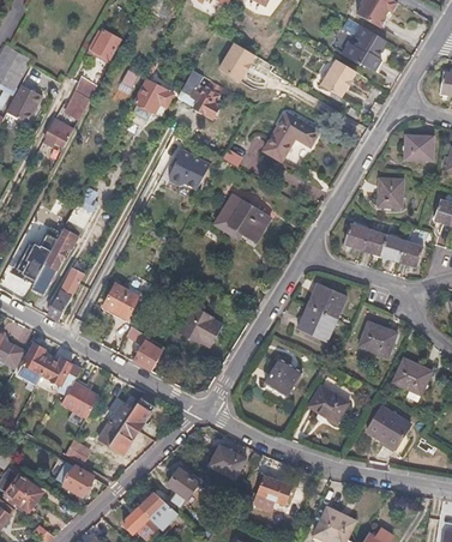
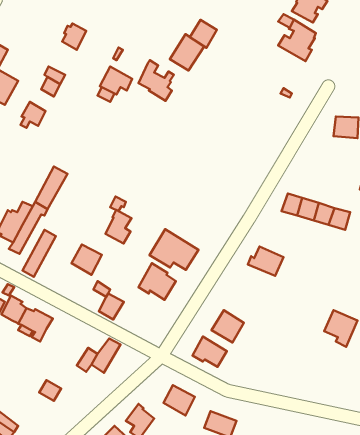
building: none -> [190,20,217,48]
building: [318,59,355,97] -> none
building: [265,114,318,161] -> none
building: [169,147,211,188] -> none
building: [378,179,403,207] -> none
building: [215,193,271,240] -> [149,229,198,270]
building: none -> [106,210,131,244]
building: [300,306,337,342] -> none
building: [358,321,397,357] -> none
building: [62,380,101,416] -> none
building: [308,385,348,420] -> [192,337,227,367]
building: [367,406,410,448] -> none
building: [100,421,140,453] -> none
building: [58,460,94,493] -> none

